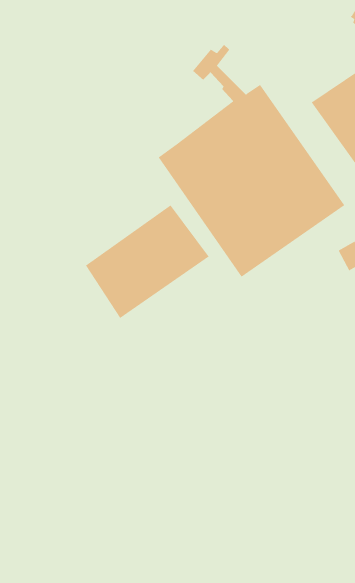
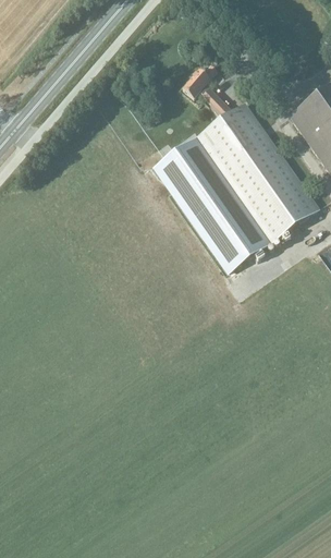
building: [85,204,210,319] -> none

